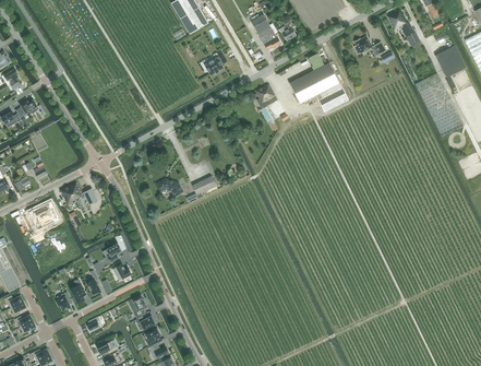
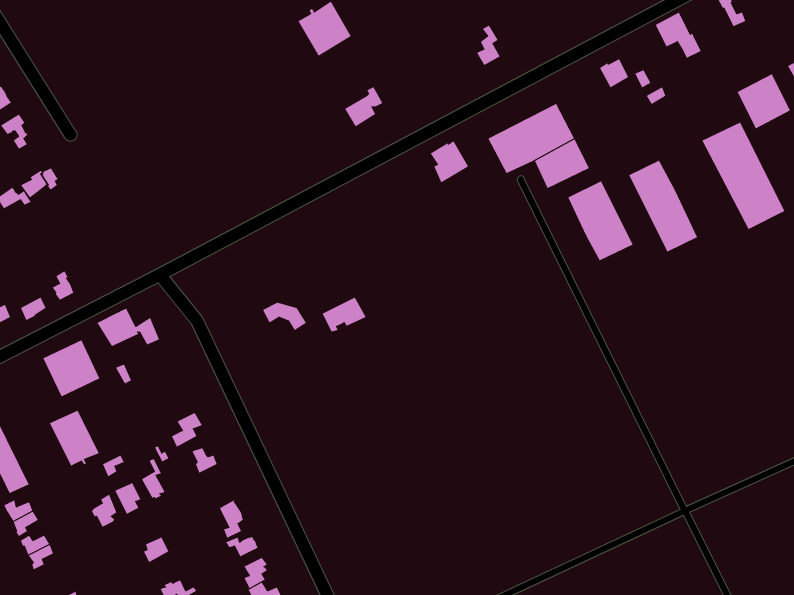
building: [251,14,282,50] -> none
building: none -> [628,160,698,252]
building: none -> [568,181,633,261]
building: none -> [49,410,100,467]

